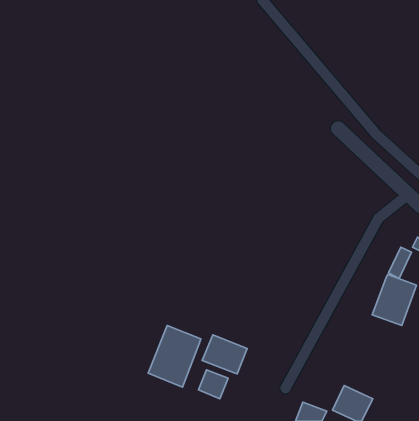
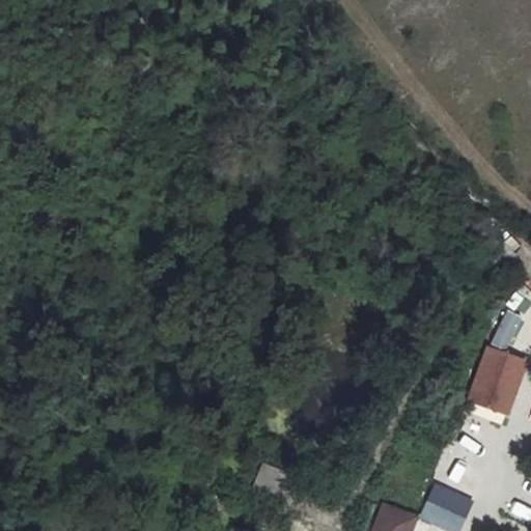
building: [148,325,201,387] -> none
building: [202,335,247,374] -> none

